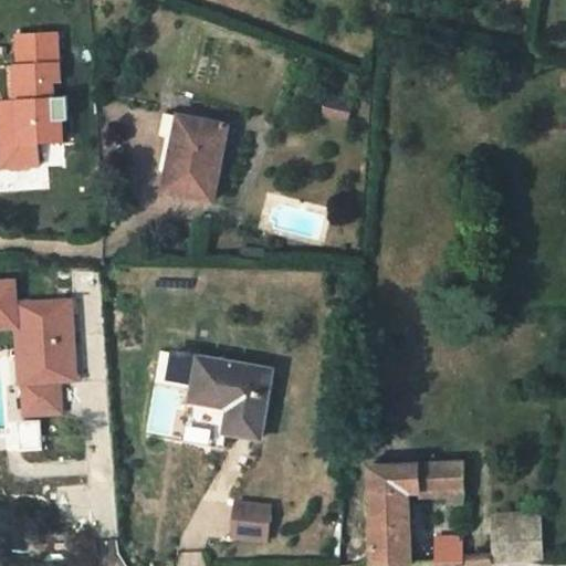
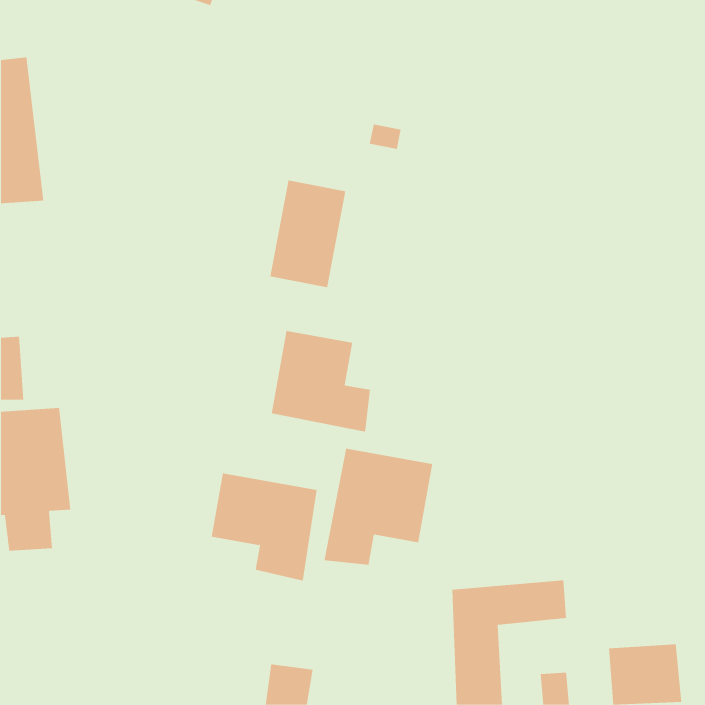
building: [151,125,211,209] -> [269,180,346,288]
building: none -> [271,330,370,433]
building: none -> [324,448,433,565]

